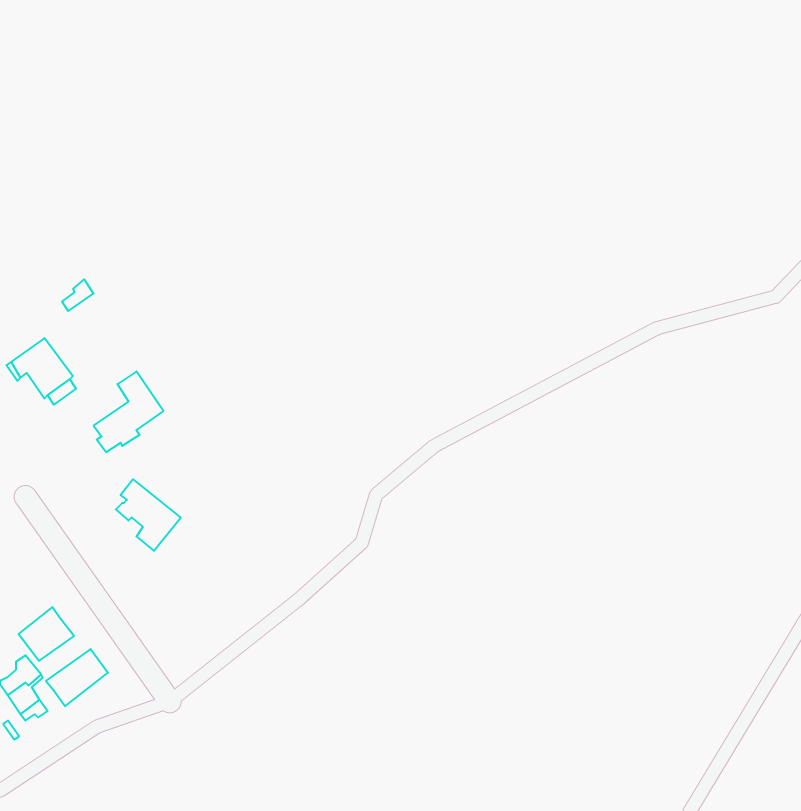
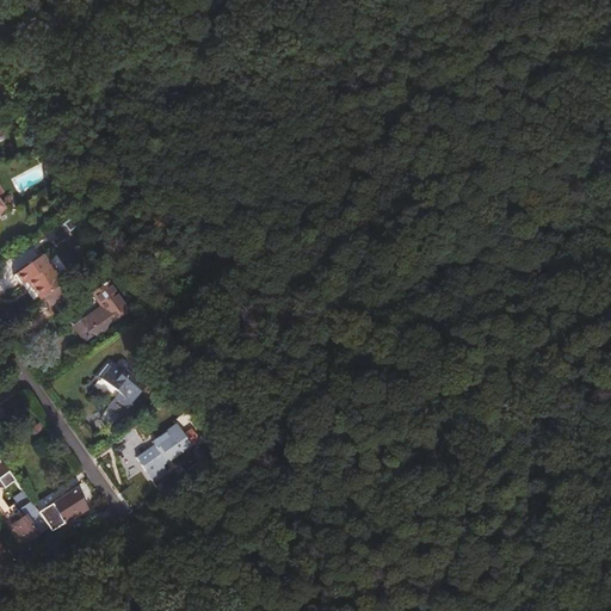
building: none -> [137,420,198,479]
building: [19,607,74,661] -> none

